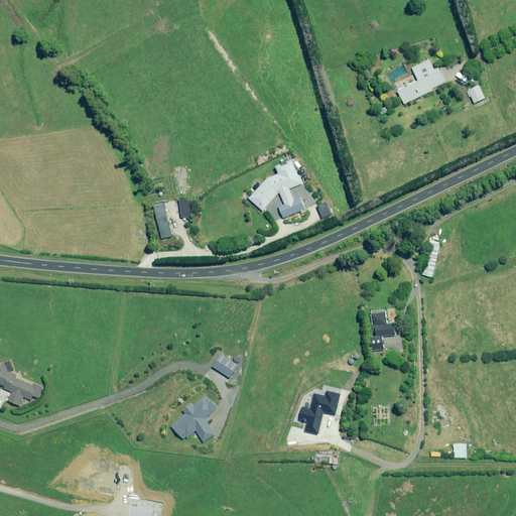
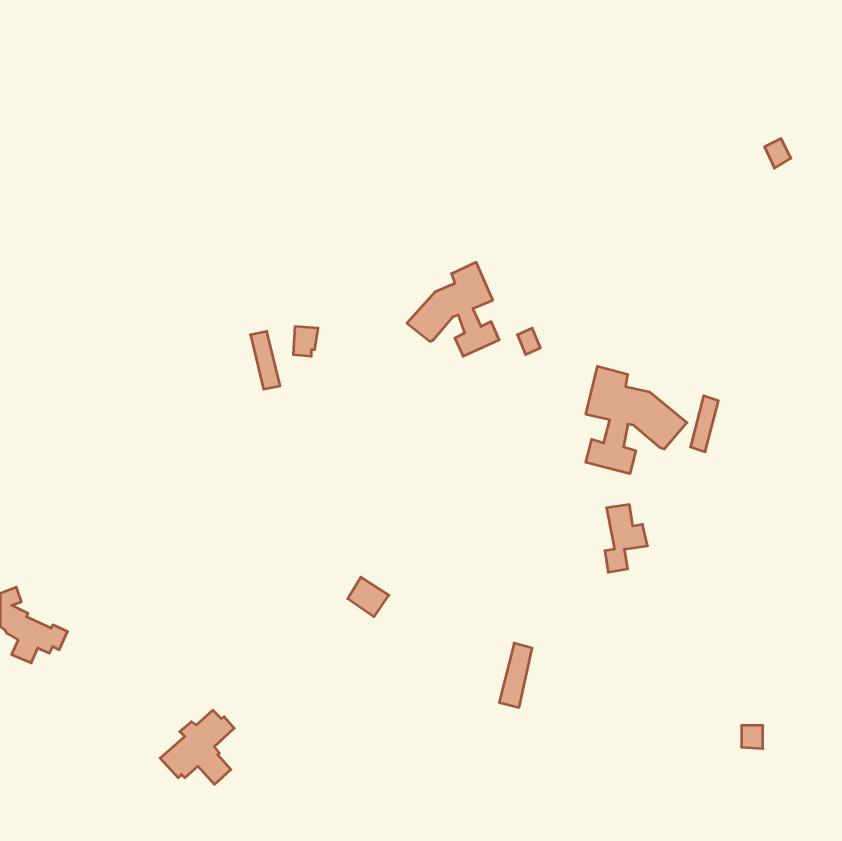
building: [397,58,445,104] -> none
building: none -> [586,366,687,474]
building: [171,396,217,441] -> [160,710,234,784]

